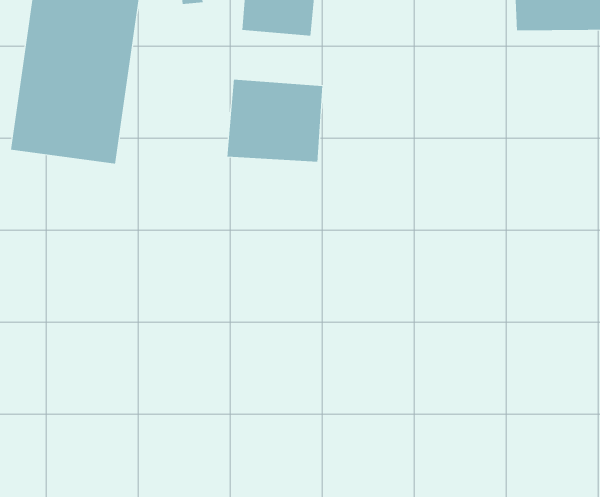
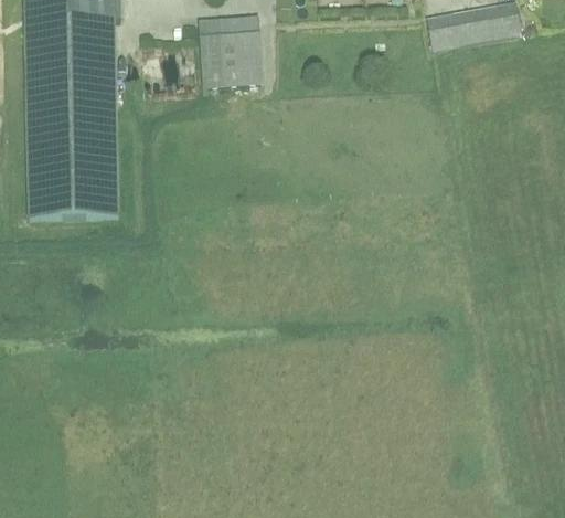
building: [227,79,323,163] -> none

